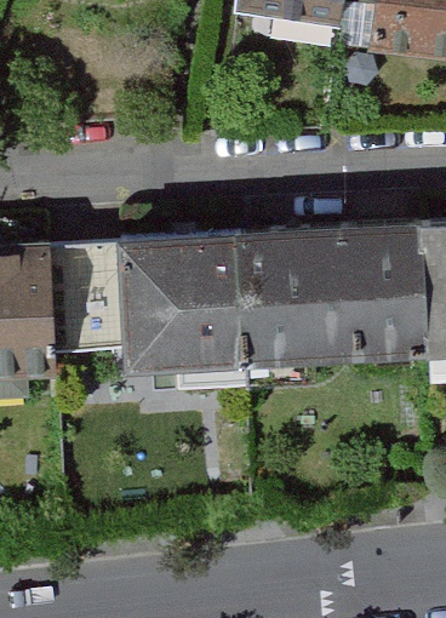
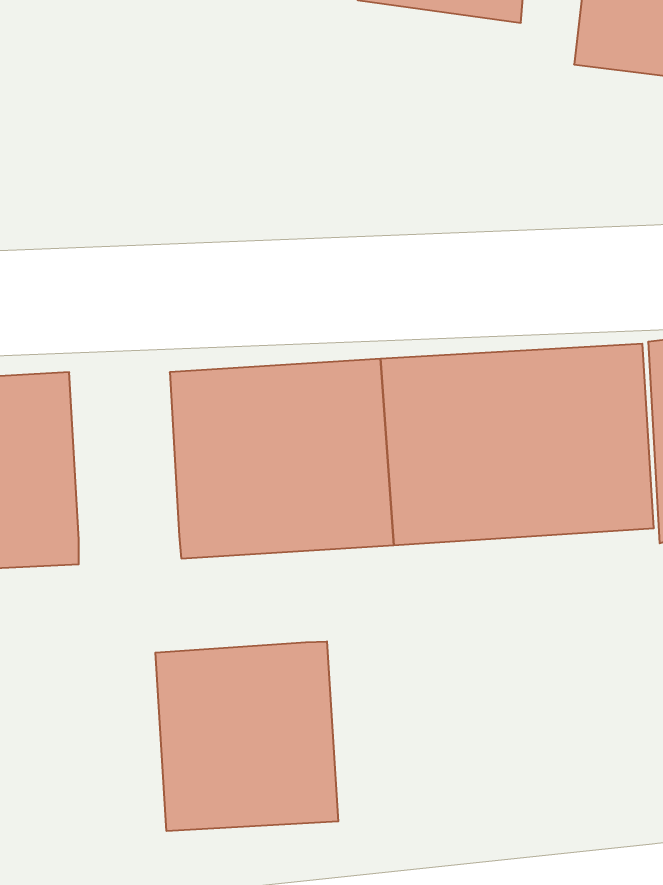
building: [61,244,131,350] -> none
building: none -> [155,641,338,831]

